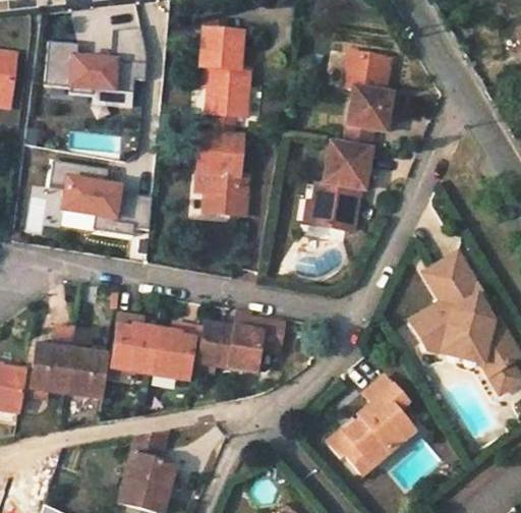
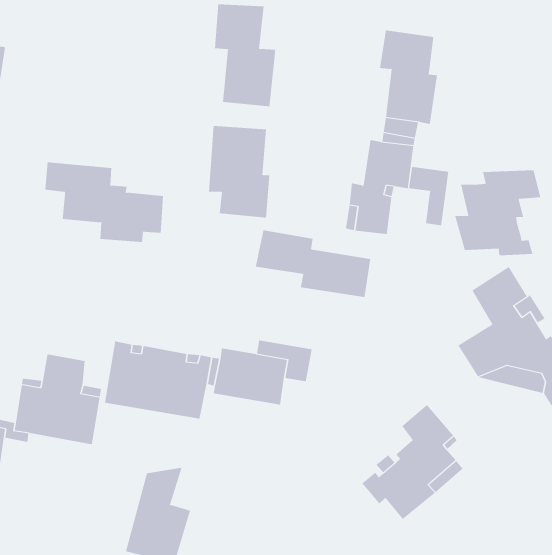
building: [45,26,148,95] -> none
building: none -> [408,166,449,226]
building: none -> [454,170,541,256]
building: none -> [255,230,371,298]

